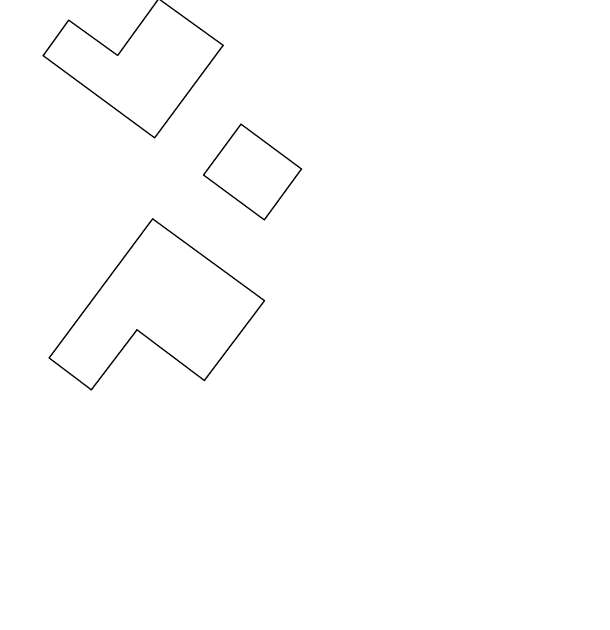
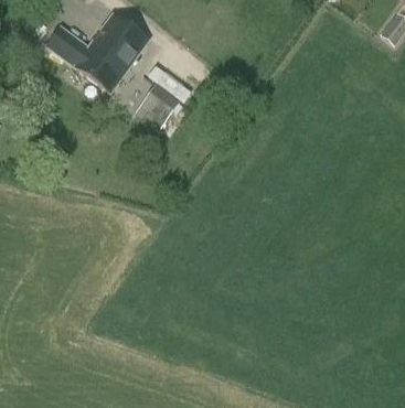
building: [49,219,264,390] -> none

